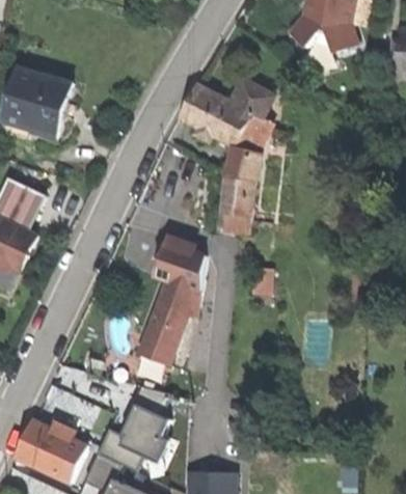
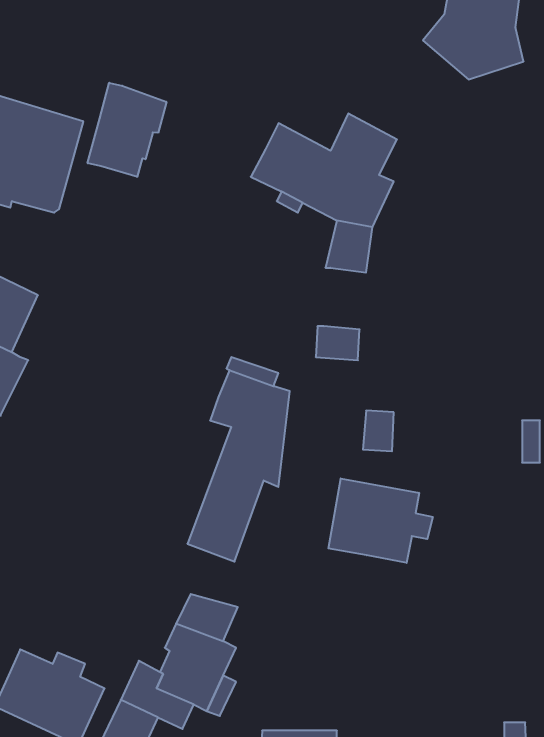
building: none -> [88,83,166,177]
building: [226,176,253,216] -> none
building: none -> [328,478,433,563]

